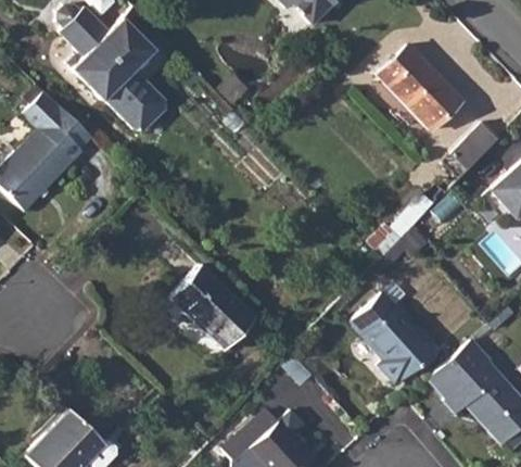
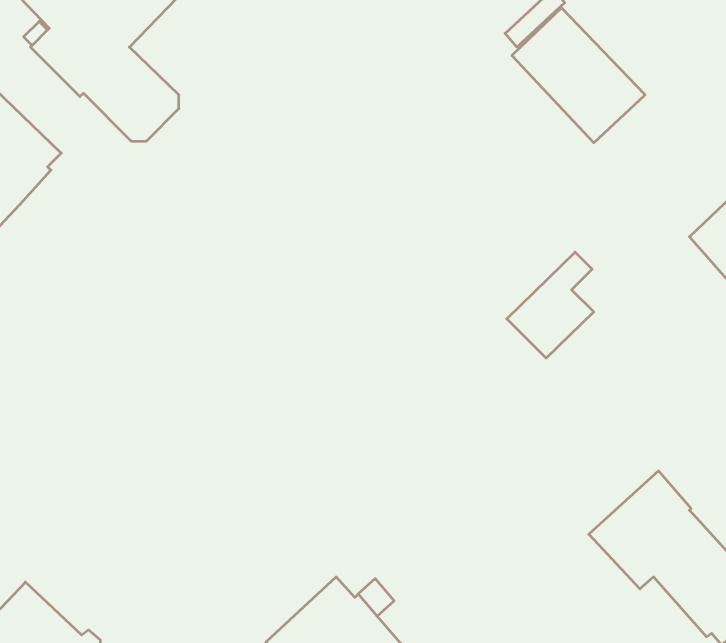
building: [453,123,499,169] -> none
building: [169,264,255,350] -> none
building: [350,292,436,383] -> none

